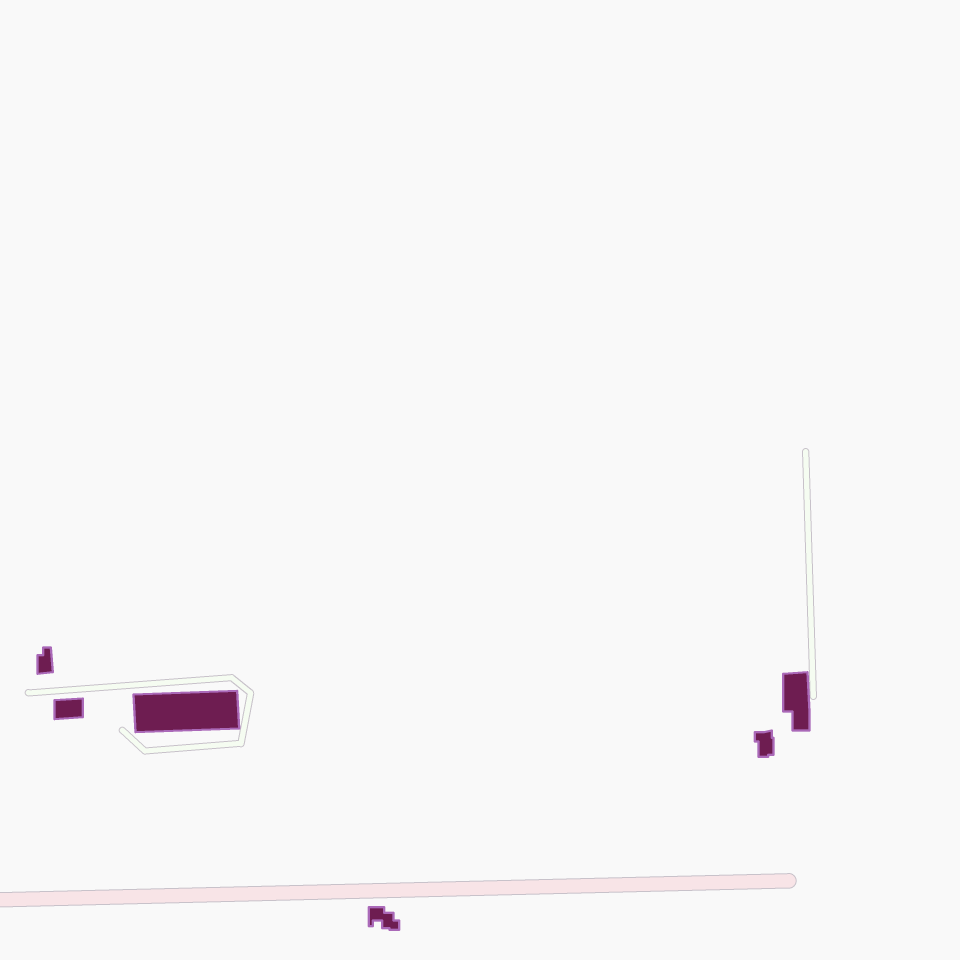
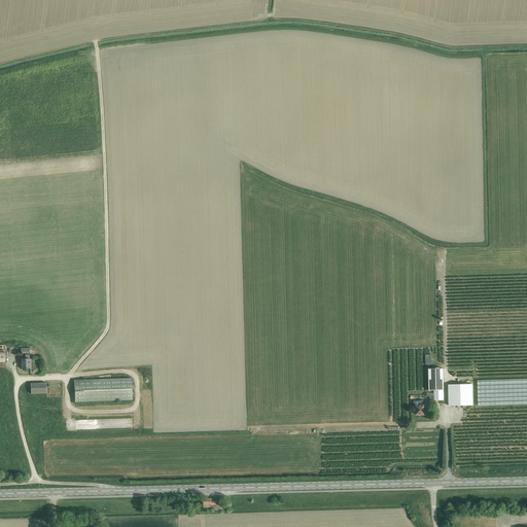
building: none -> [448,384,472,405]

